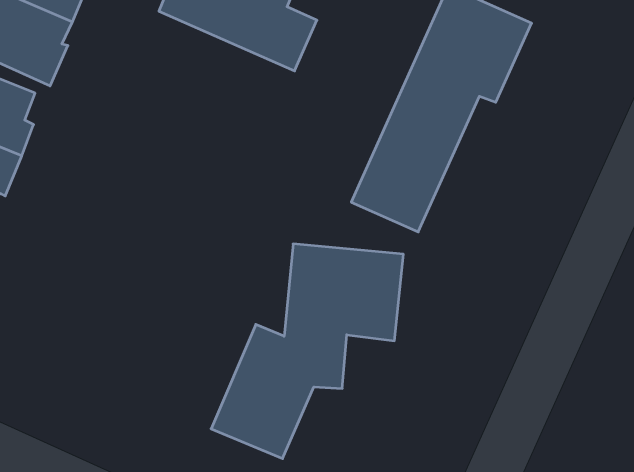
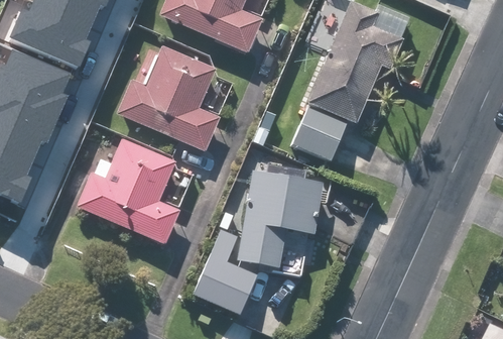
building: none -> [115,45,222,152]
building: none -> [76,130,179,244]

